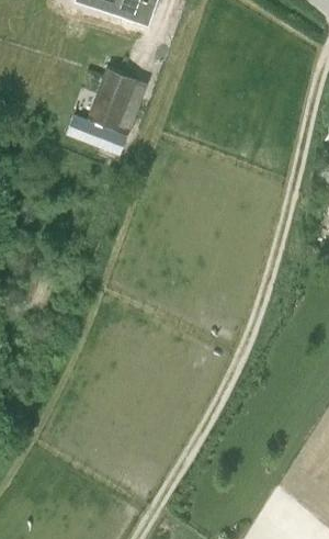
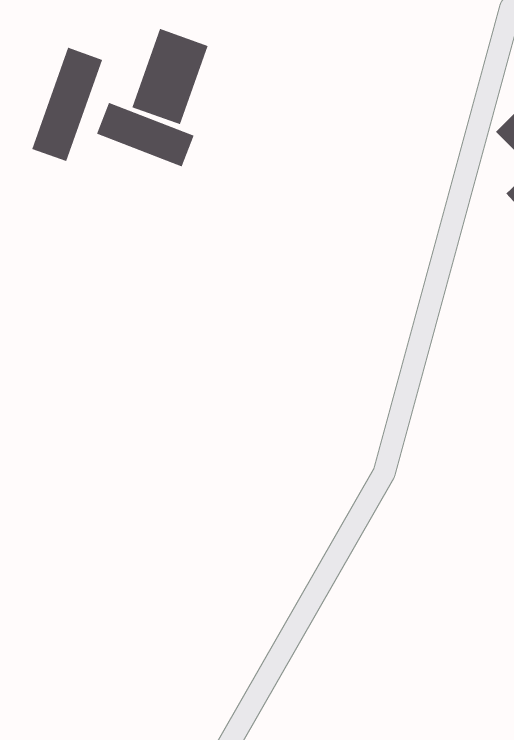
building: none -> [31,47,103,162]

